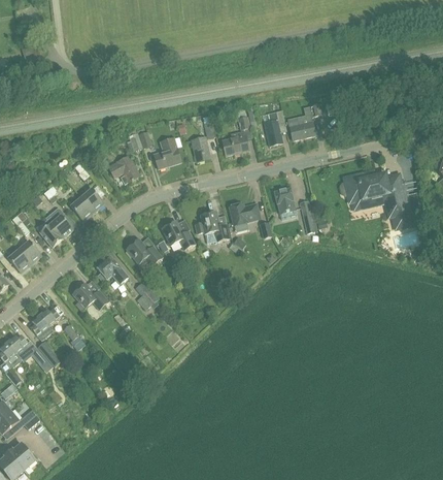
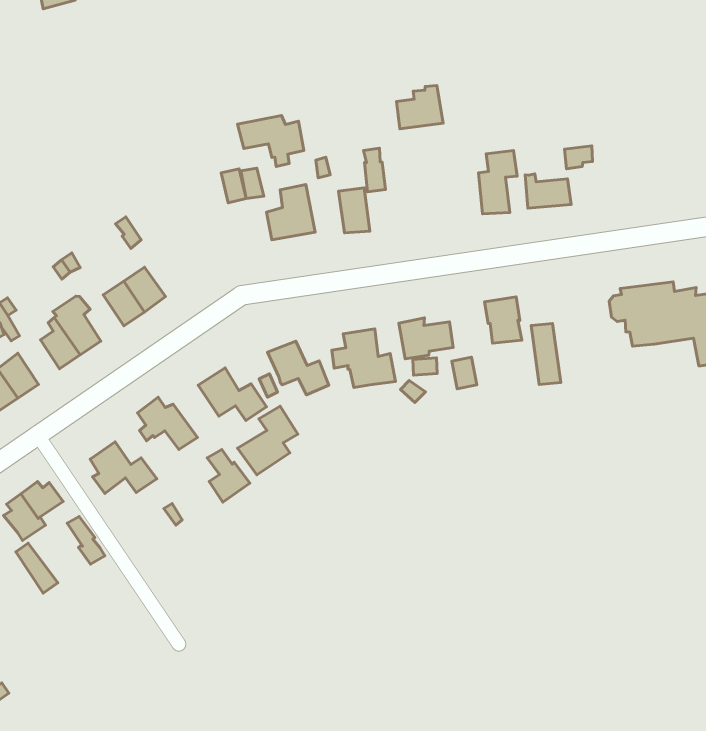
building: none -> [237,115,304,167]
building: [223,130,248,155] -> [397,85,443,129]
building: [107,155,139,184] -> none
building: none -> [238,406,298,475]

